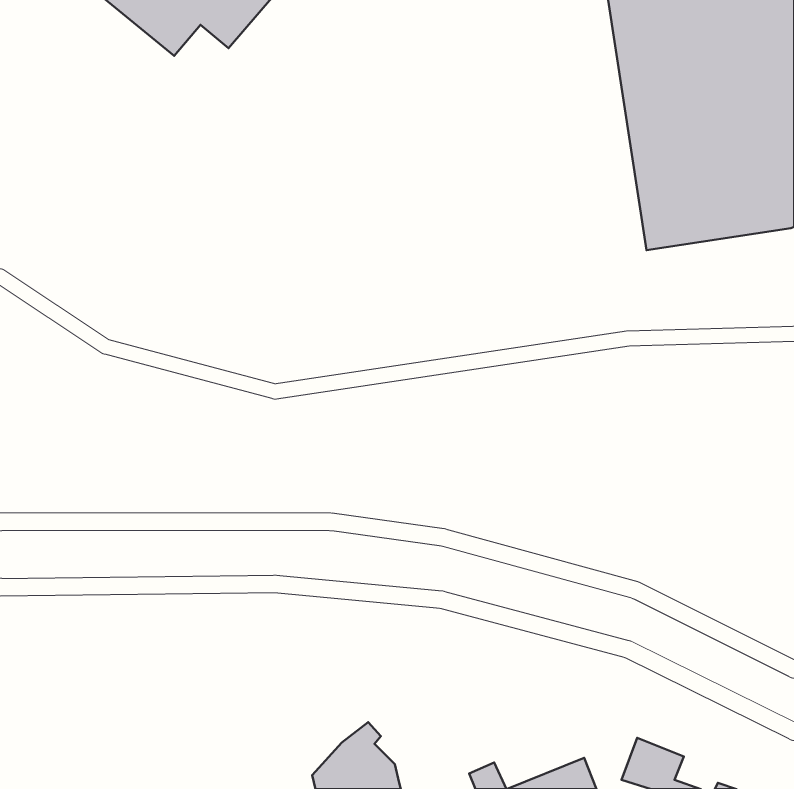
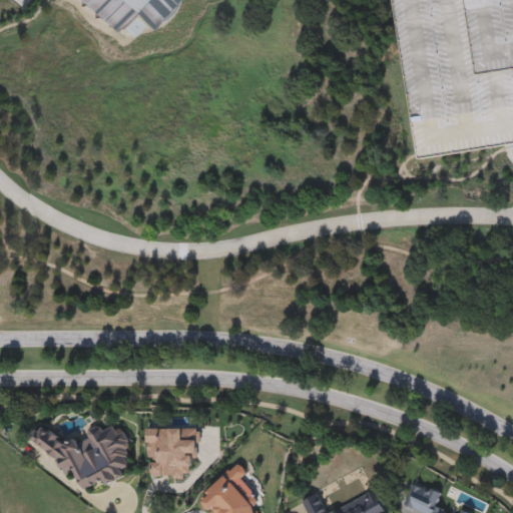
building: none -> [29,422,129,485]
building: none -> [147,427,200,479]

